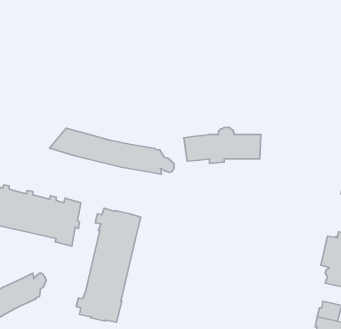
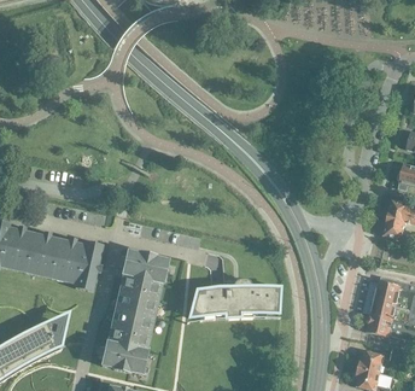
building: [184,128,261,163] -> [197,279,280,317]
building: [49,128,174,174] -> none

